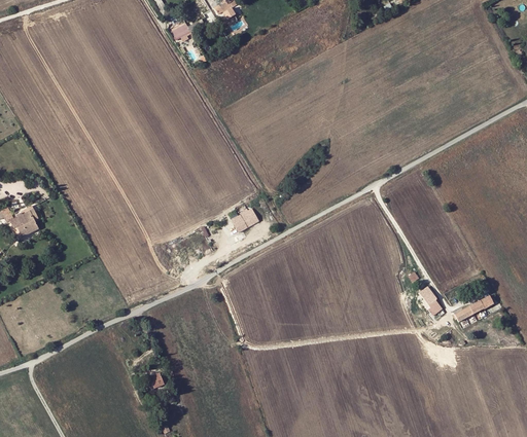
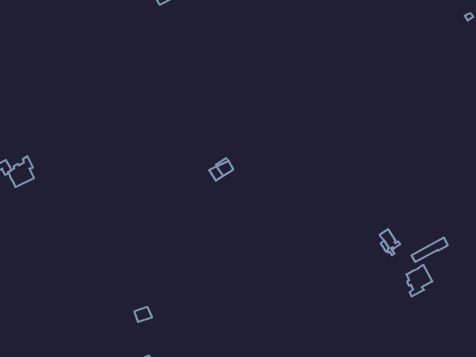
building: none -> [406,265,432,297]

